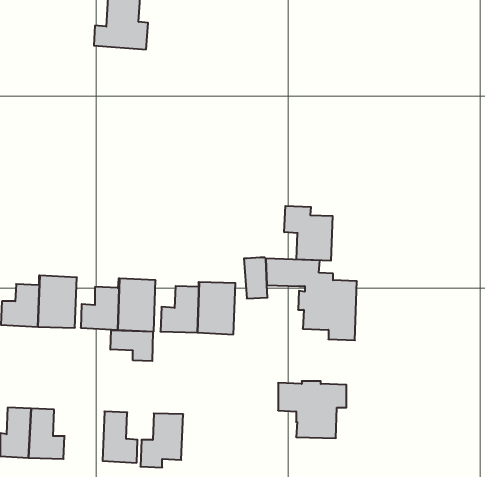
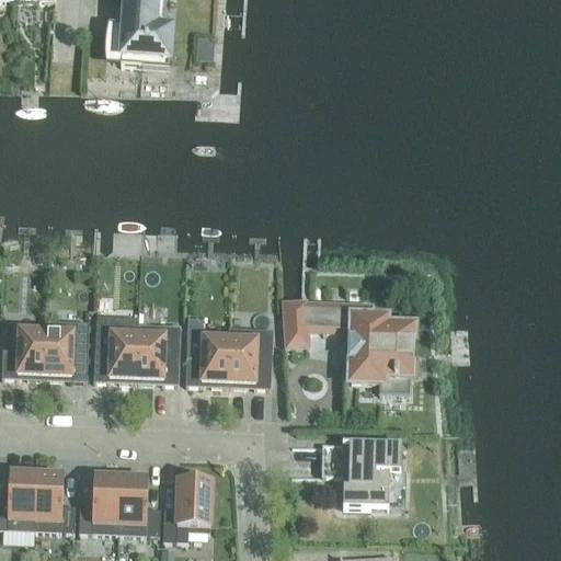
building: [284,206,333,261] -> none
building: [110,330,153,361] -> none
building: none -> [78,473,121,531]

